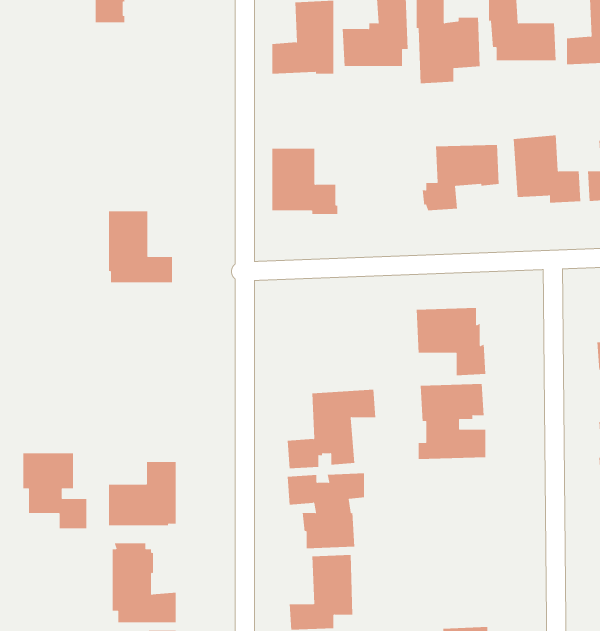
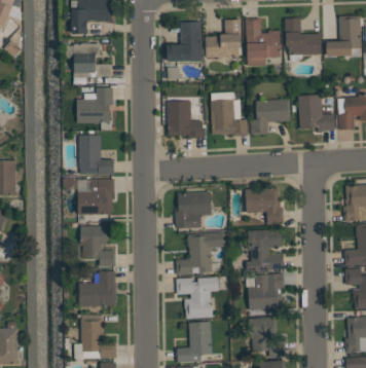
building: none -> [66,44,112,78]
building: none -> [77,87,113,123]
building: none -> [211,100,248,137]
building: none -> [78,179,115,215]
building: none -> [176,191,212,229]
building: [23,453,87,529] -> [80,226,115,267]
building: none -> [249,273,285,310]
building: none -> [249,318,286,355]

